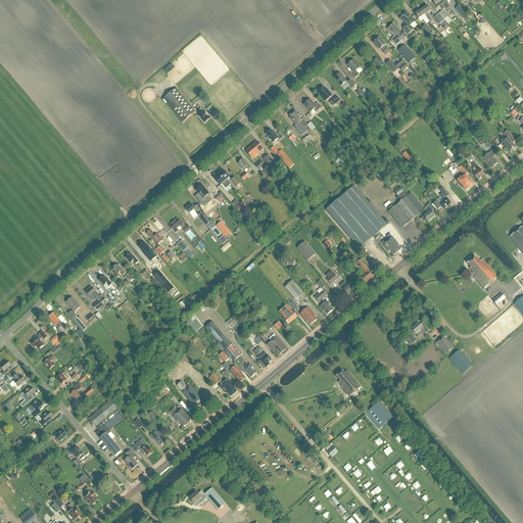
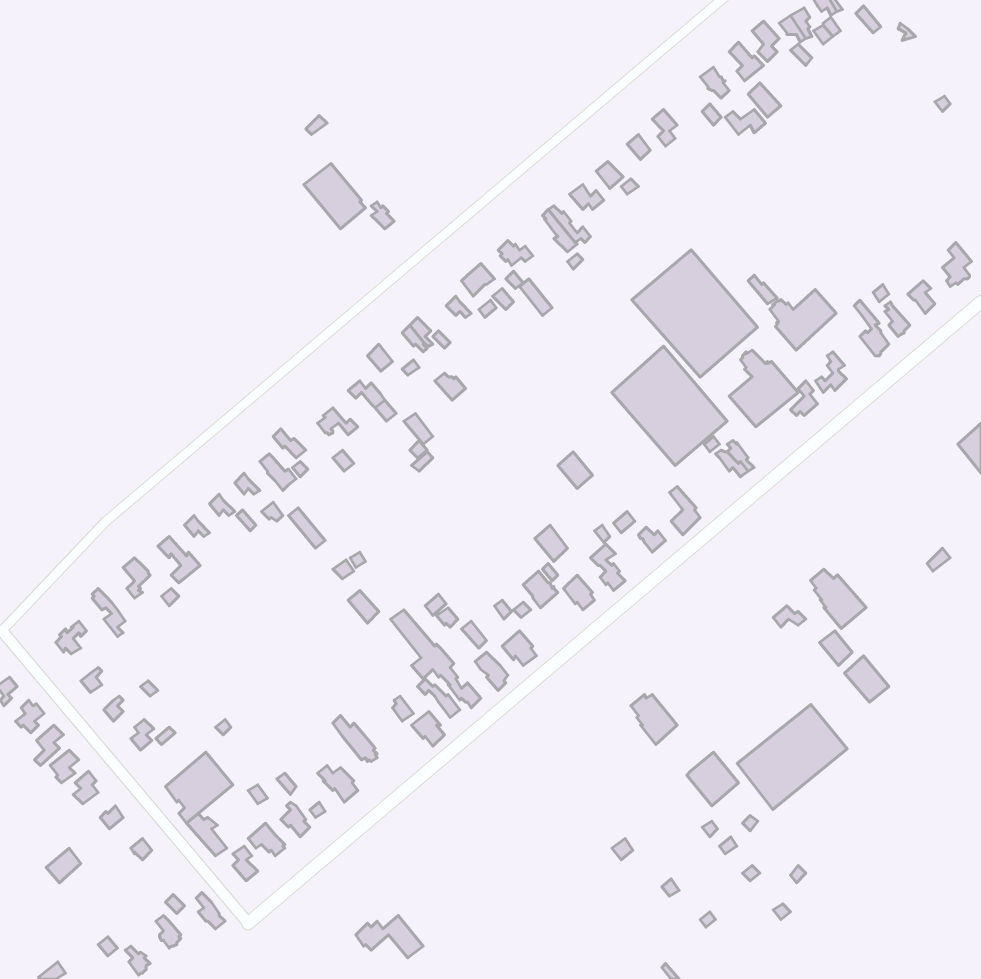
building: none -> [632,250,757,377]
building: none -> [770,290,836,350]
building: [467,255,496,287] -> [810,569,866,629]
building: none -> [737,705,847,810]

